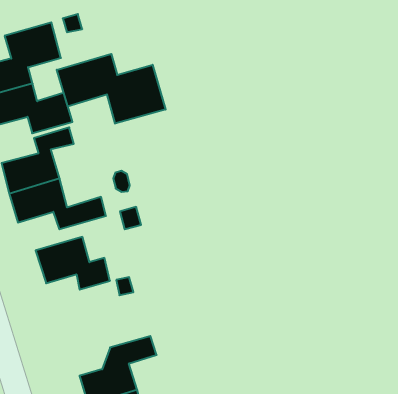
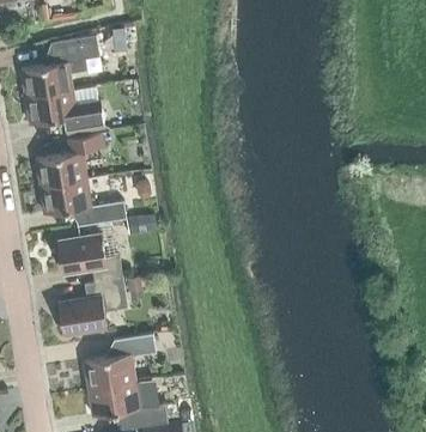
building: [57,54,166,124] -> none
building: none -> [57,278,126,334]

